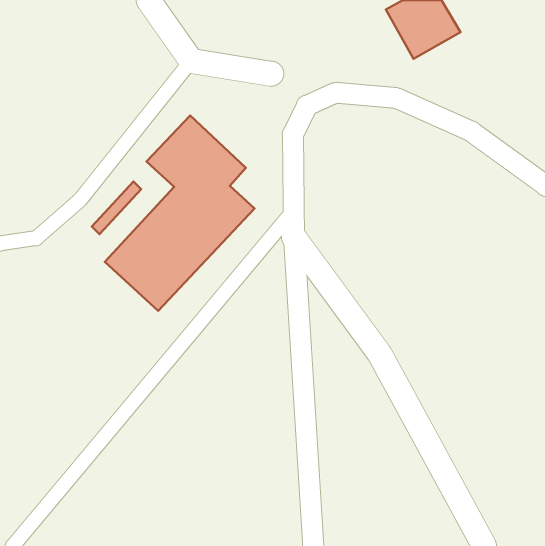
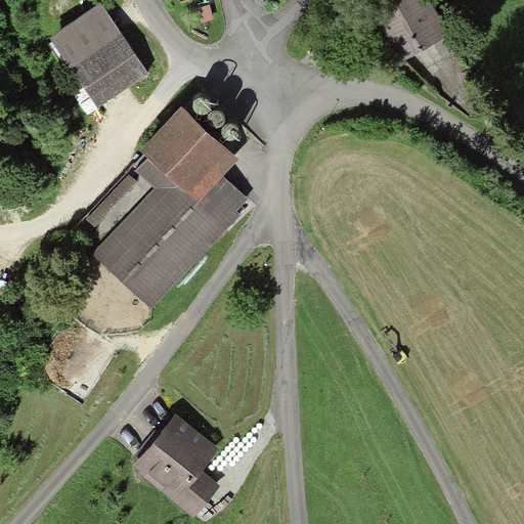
building: none -> [56,6,147,103]
building: none -> [132,420,214,514]

